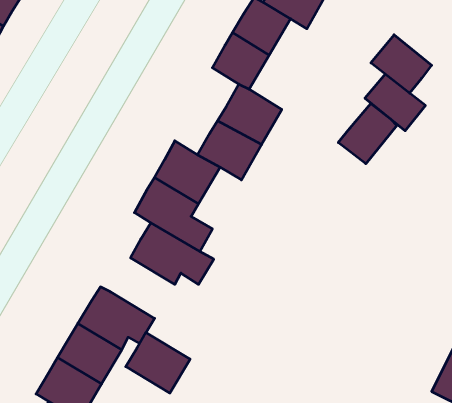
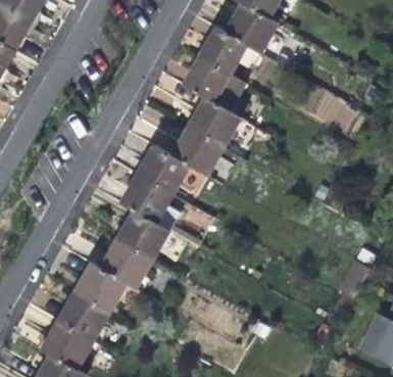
building: [371,35,432,93] -> none
building: [338,104,397,164] -> none
building: [126,333,190,393] -> [100,239,152,288]

